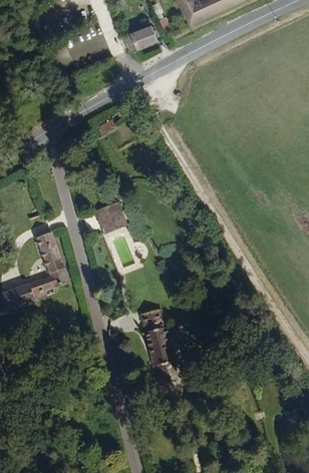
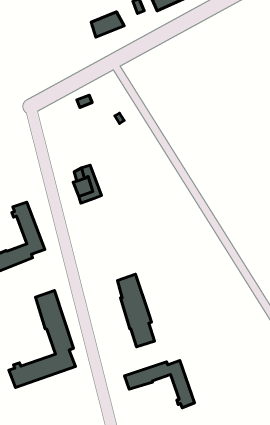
building: none -> [9,291,75,387]
building: none -> [124,360,195,408]

